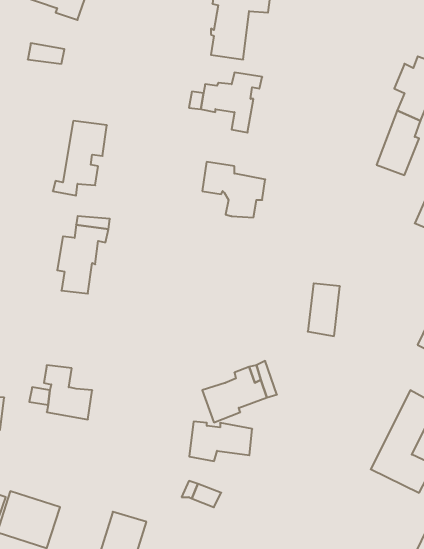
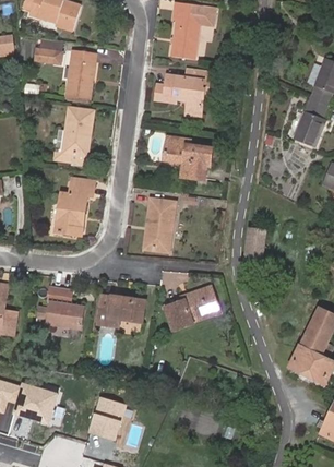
building: none -> [65,50,97,97]
building: none -> [146,200,176,250]
building: [189,422,252,461] -> [98,297,145,326]

